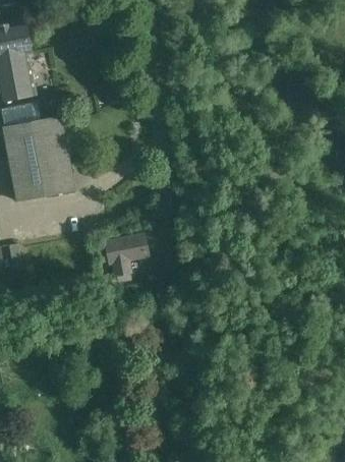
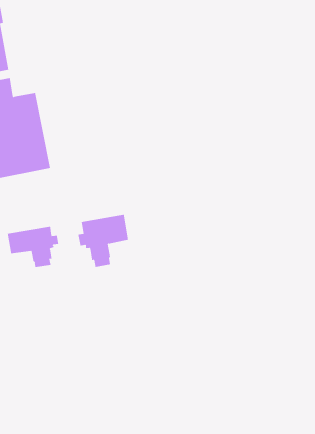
building: none -> [7,226,59,268]

